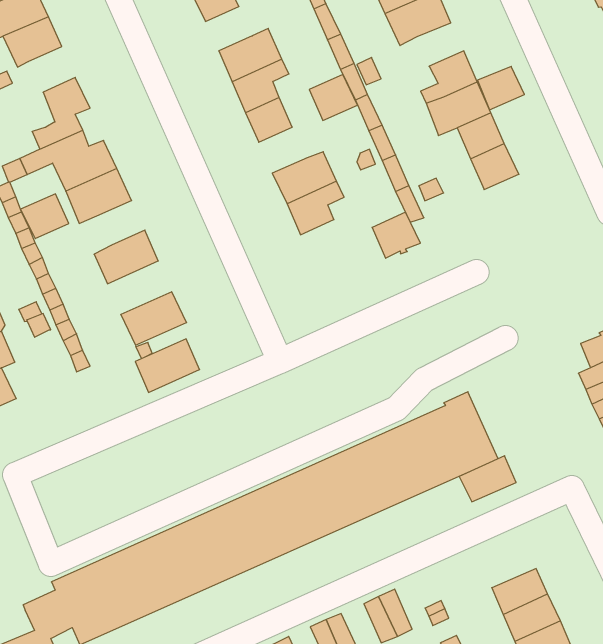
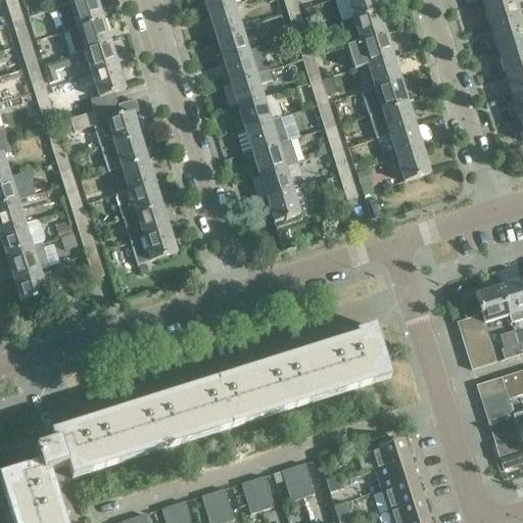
building: none -> [216,25,248,55]
building: none -> [84,39,116,70]
building: [478,66,524,110] -> [368,54,400,84]
building: [309,74,358,120] -> [244,116,278,148]
building: [21,194,69,239] -> [121,156,154,187]
building: [372,212,420,258] -> [267,187,300,219]
building: [135,339,200,392] -> [123,202,169,238]
building: [459,456,516,502] -> [369,436,410,467]

